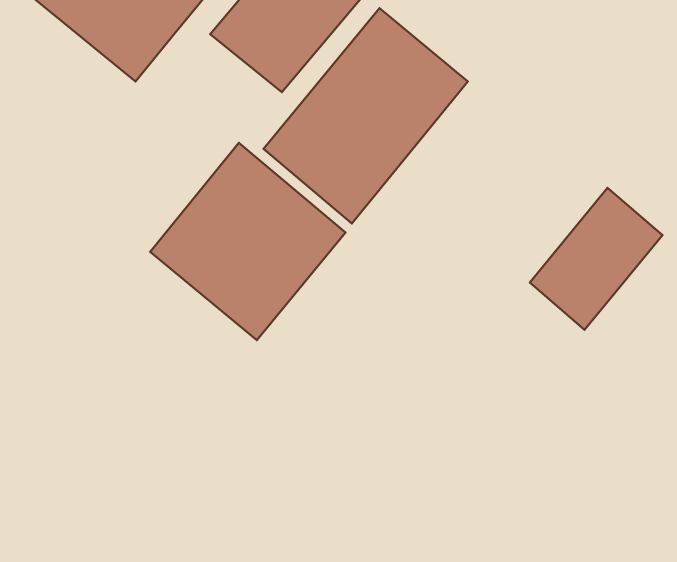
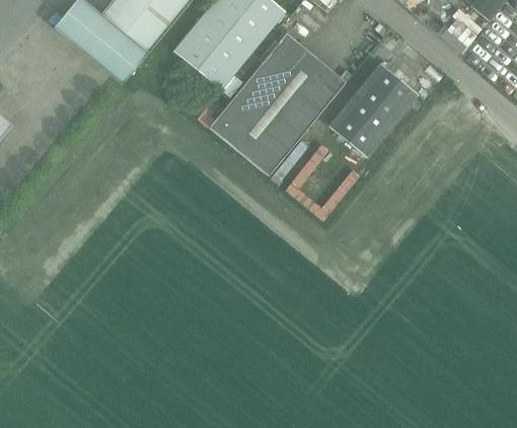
building: [150,143,346,340] -> none
building: [530,188,662,330] -> [328,63,417,157]

